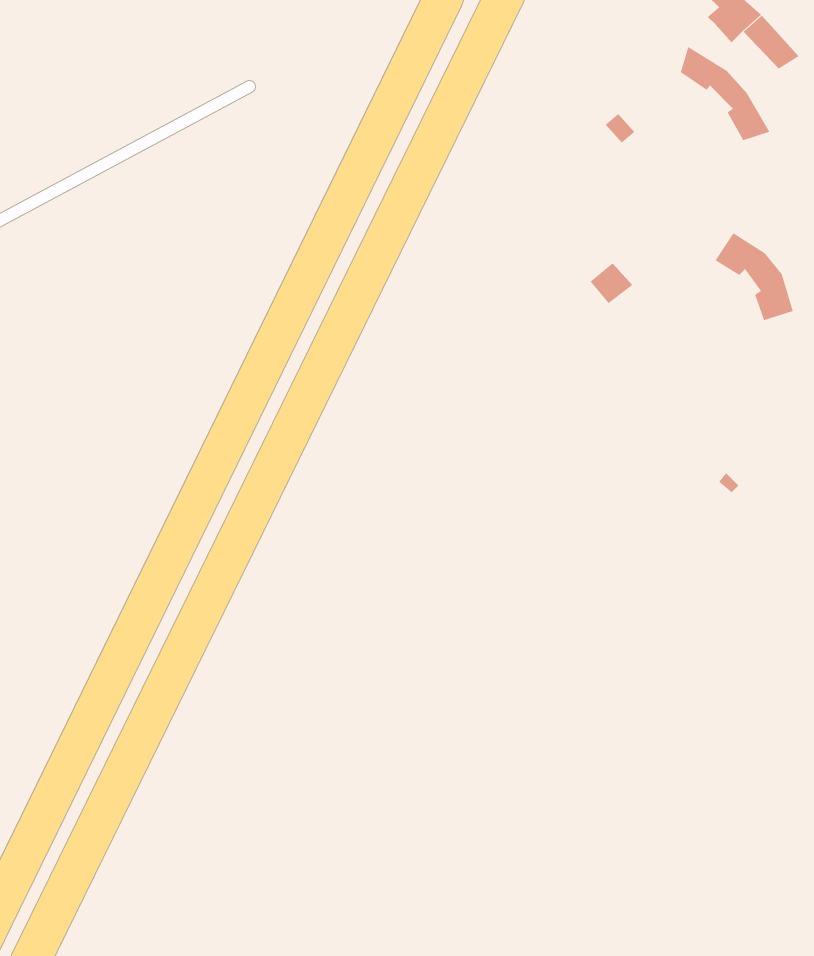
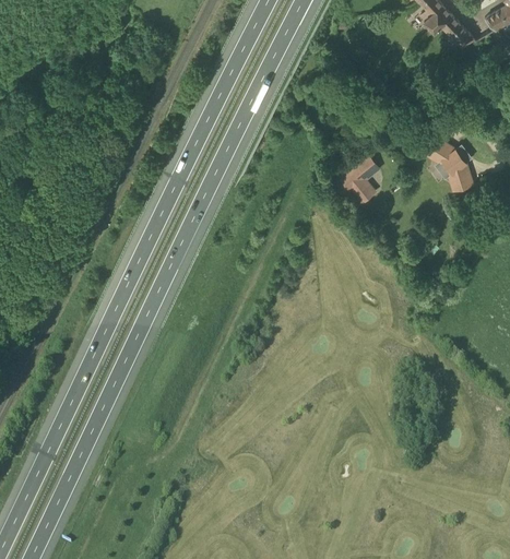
building: [680,46,770,141] -> none
building: none -> [340,168,376,206]

